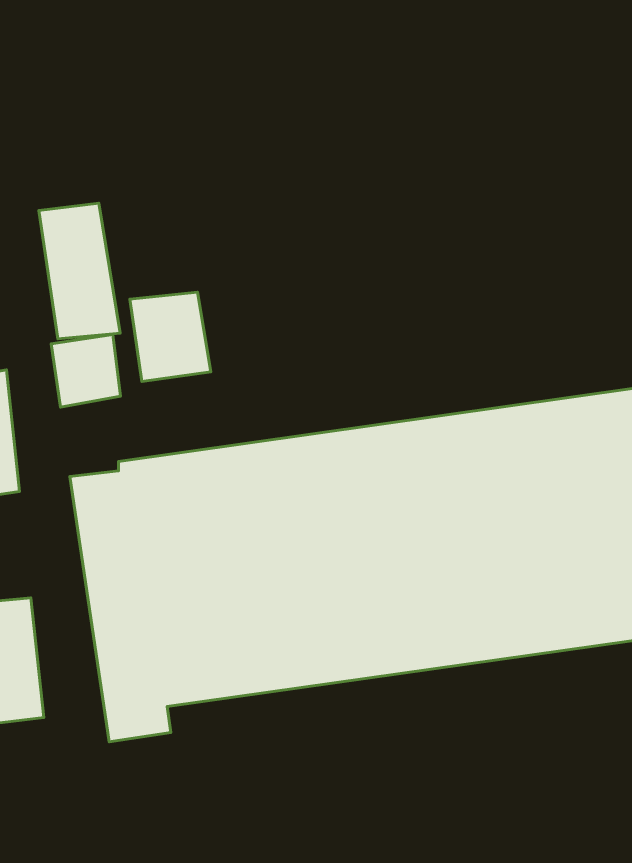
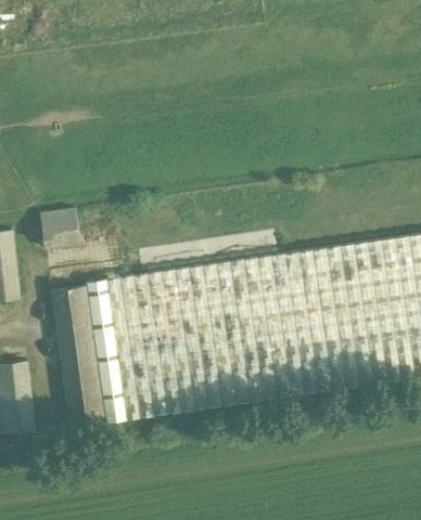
building: [39,203,120,339] -> none
building: [130,292,211,382] -> none

